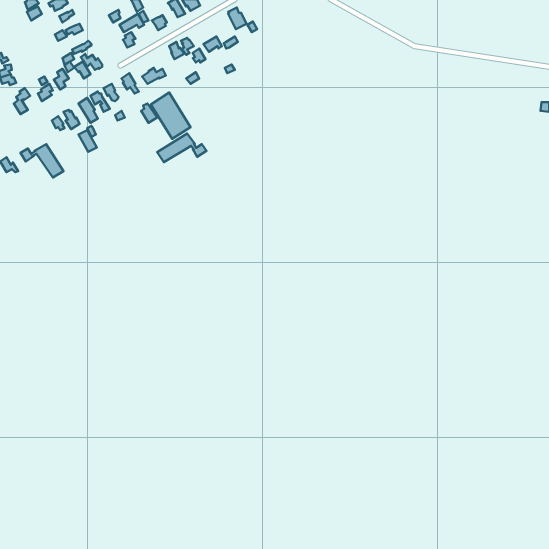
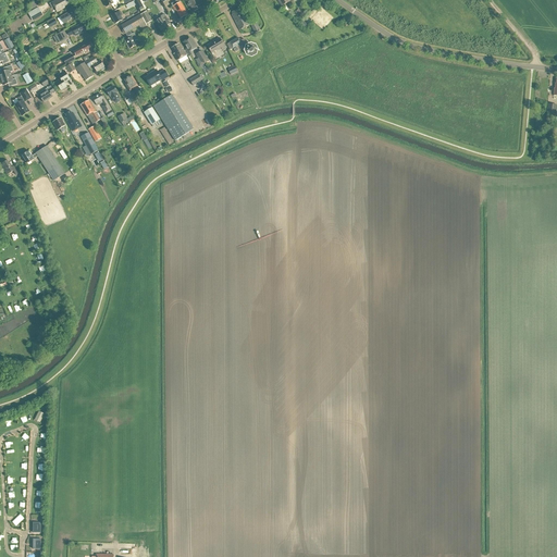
building: [157,133,207,162] -> none

